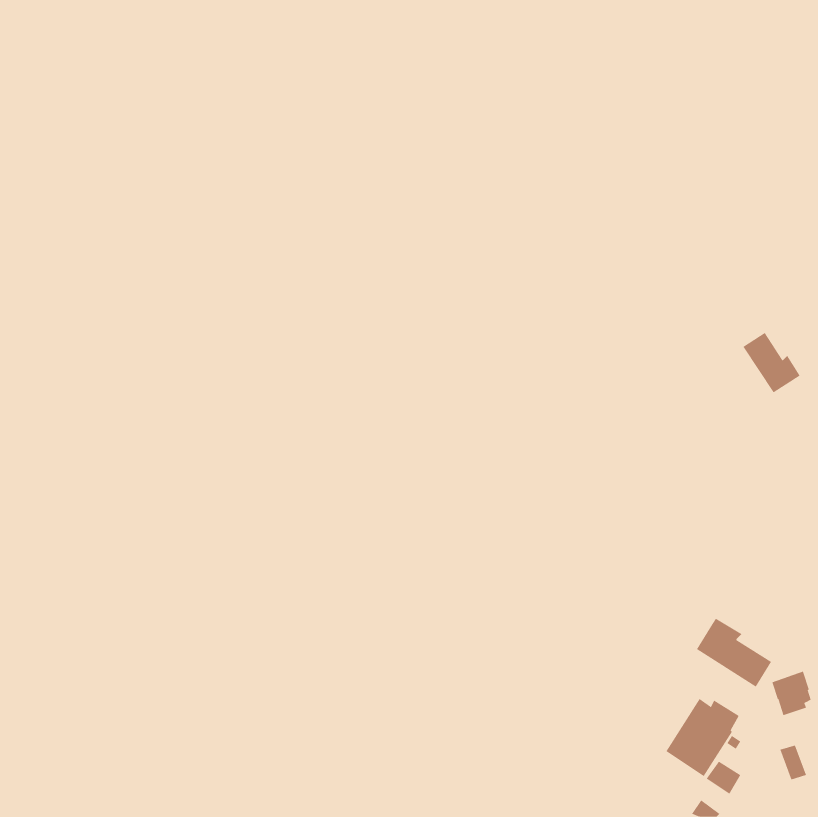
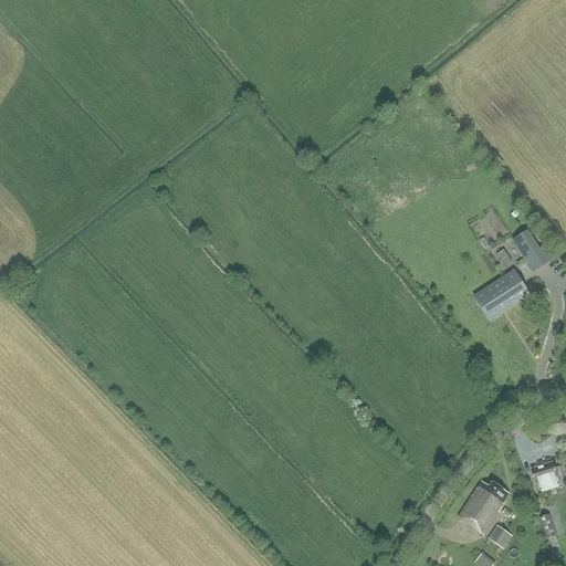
building: none -> [476,272,525,317]
building: [696,618,772,687] -> none

